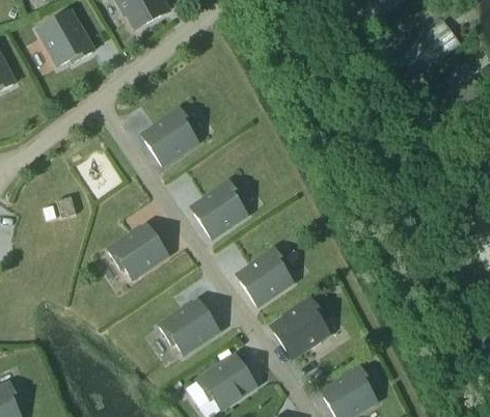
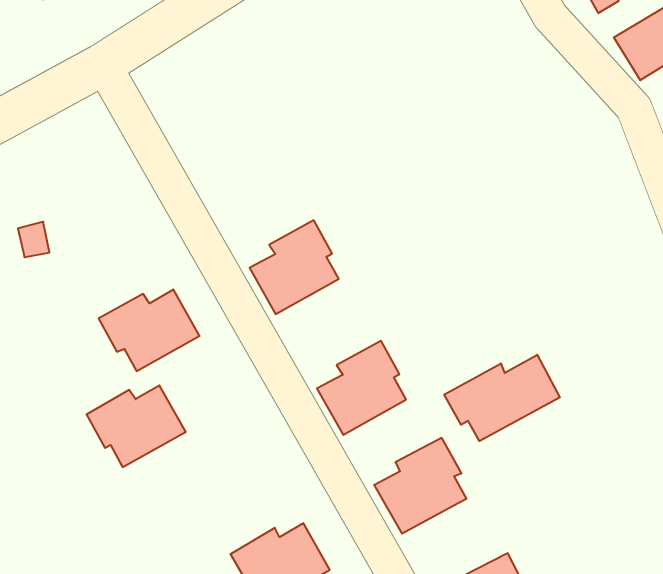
building: [144,107,196,164] -> none
building: none -> [444,355,560,441]
building: [159,303,218,353] -> [86,385,186,467]

